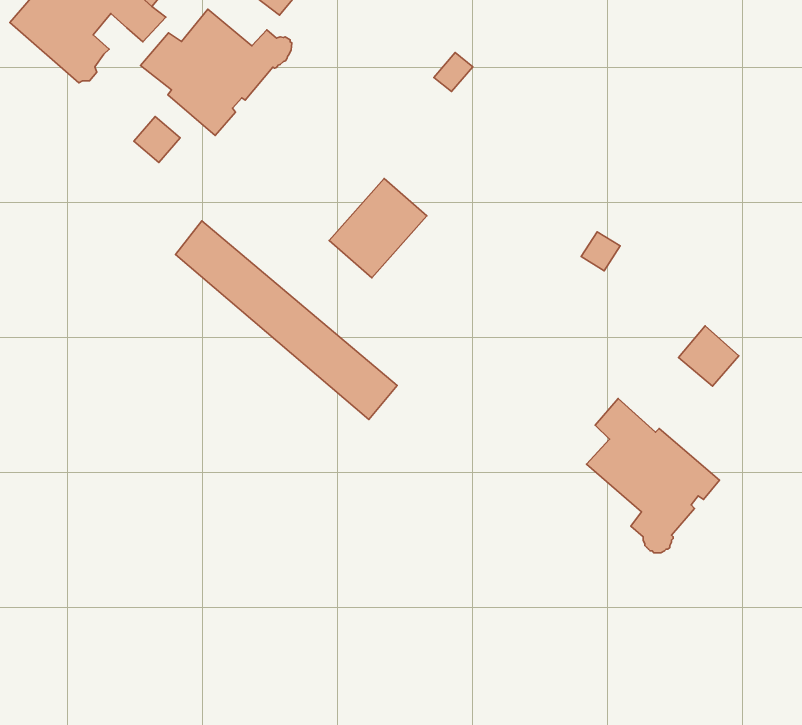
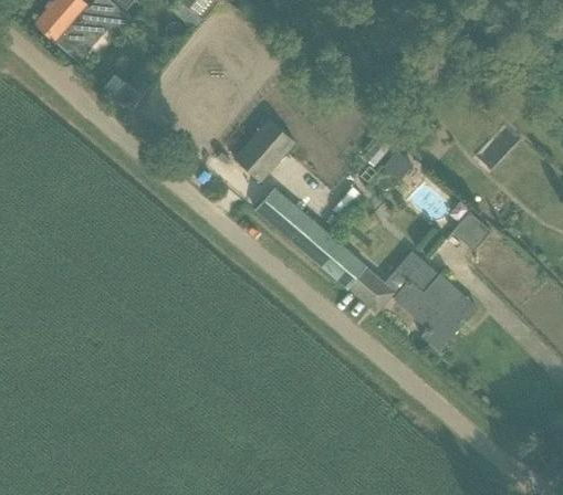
building: [140,9,292,135] -> none
building: [175,221,397,419] -> [254,186,393,309]

